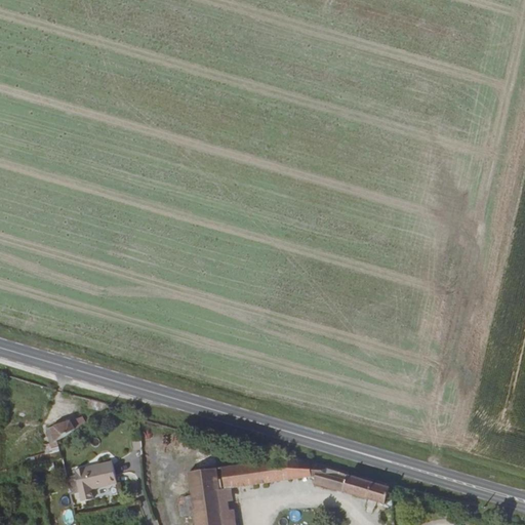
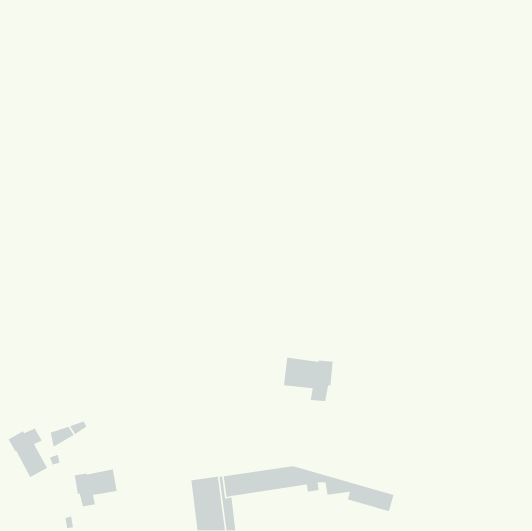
building: none -> [283,357,333,402]
building: none -> [8,427,48,478]

